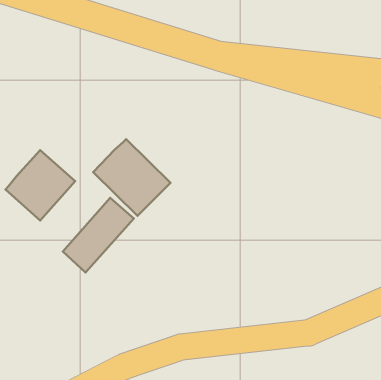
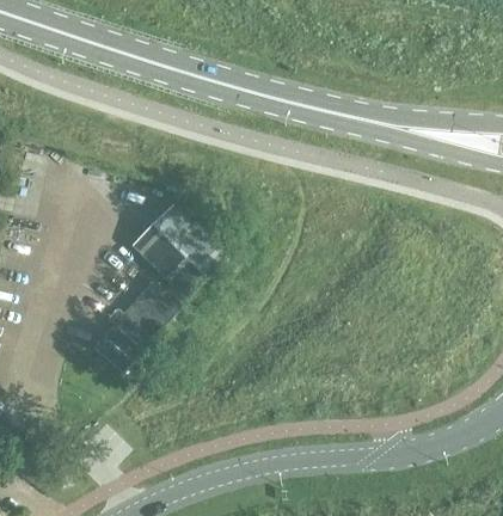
building: [5,150,75,221] -> none

